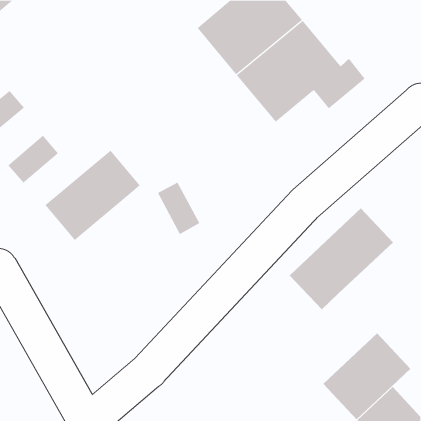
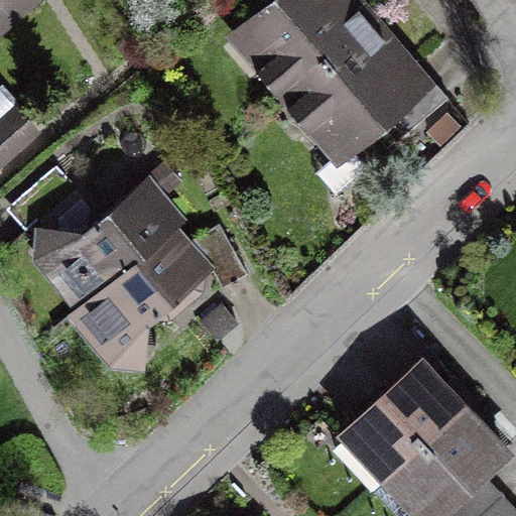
building: none -> [82,234,201,346]
building: [289,208,394,310] -> [332,365,460,490]

